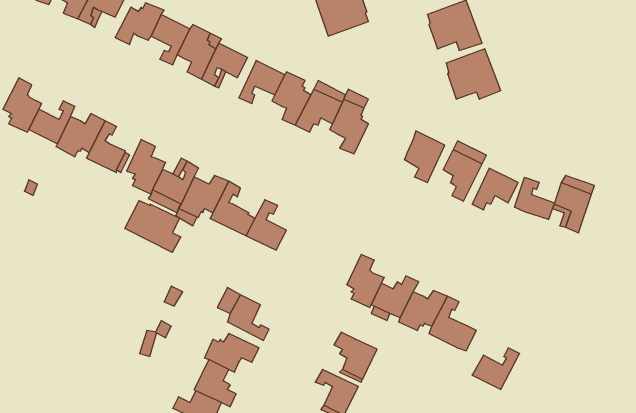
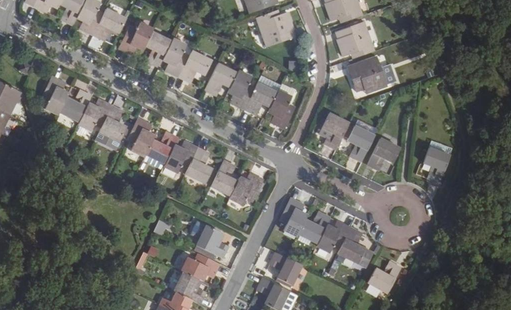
building: [515,177,554,220] -> none
building: [125,200,181,252] -> none
building: none -> [229,175,264,204]

